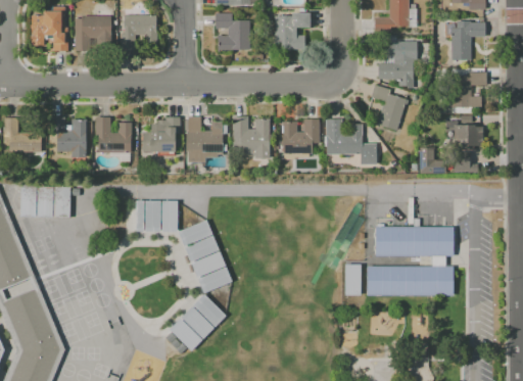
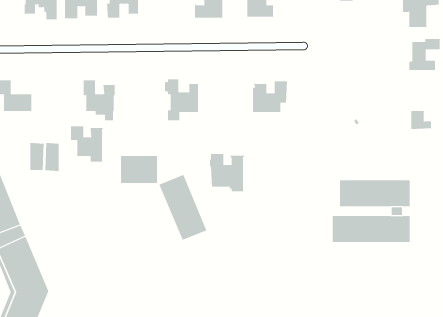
building: [379,41,414,88] -> none
building: [372,85,407,130] -> none
building: [232,116,271,158] -> [209,153,245,192]
building: [50,117,87,157] -> [70,126,104,162]
building: [143,117,180,152] -> none
building: [325,118,377,164] -> none
building: [446,122,483,145] -> none
building: [420,147,445,173] -> none
building: [20,186,37,217] -> none
building: [345,265,362,295] -> none
building: [169,293,227,351] -> none

